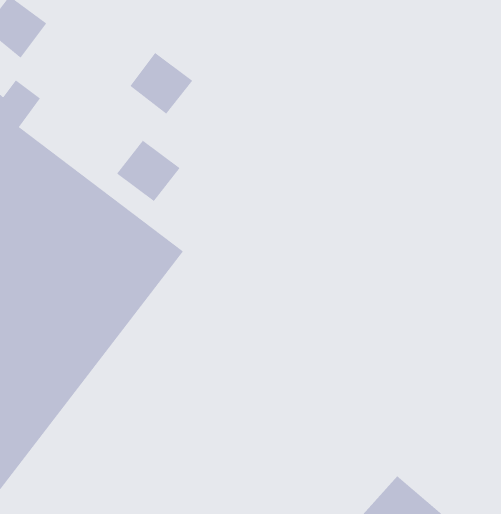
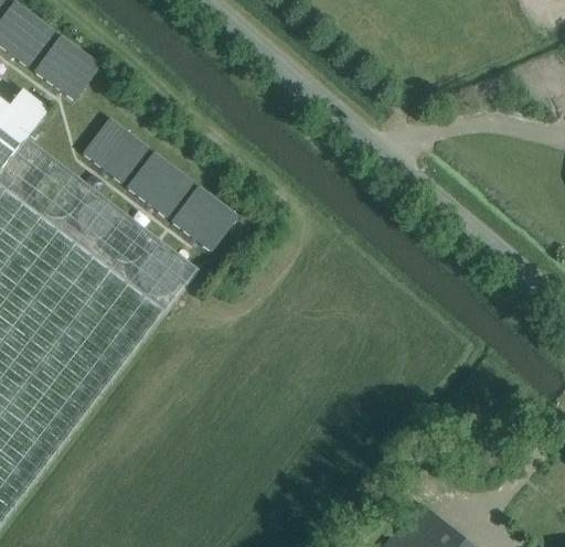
building: none -> [33,34,100,100]
building: [130,52,193,114] -> [82,117,148,182]
building: none -> [170,185,237,250]

